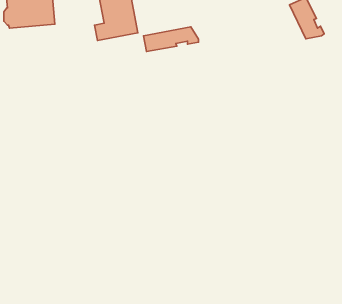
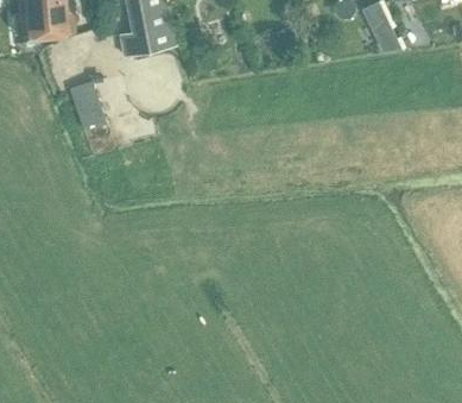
building: [143,27,199,52] -> none
building: none -> [71,83,108,130]

